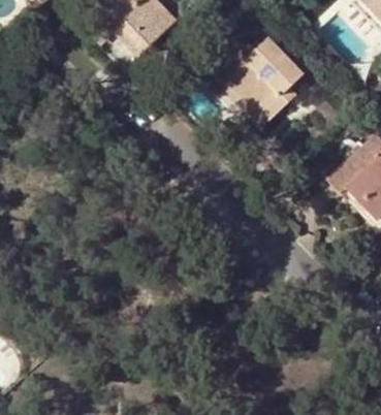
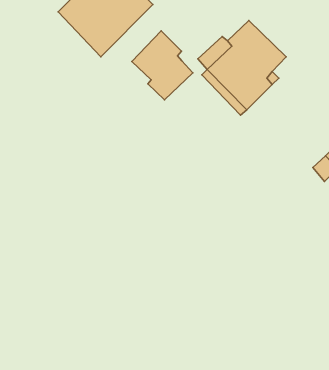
building: none -> [132,31,193,100]

